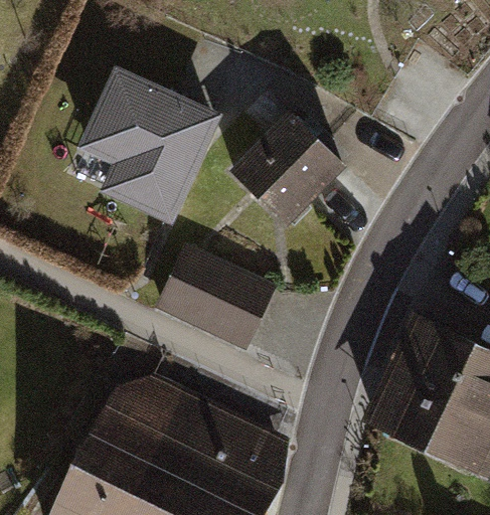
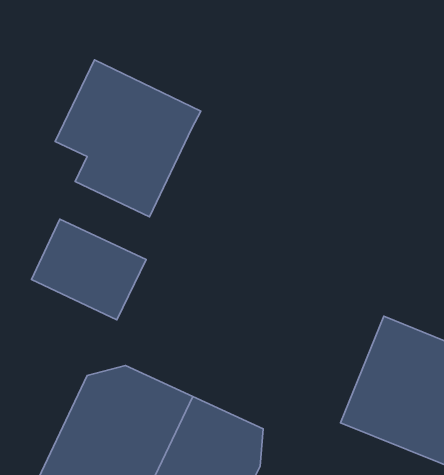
building: [232,114,347,229] -> none
building: [160,245,275,346] -> [32,219,146,320]

